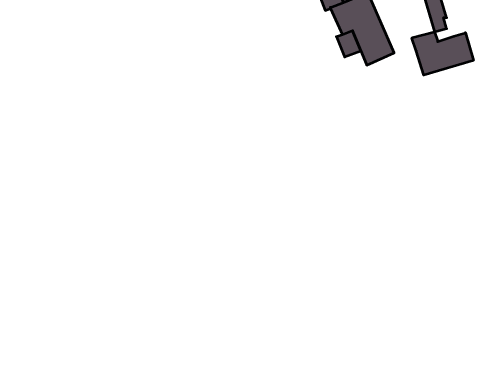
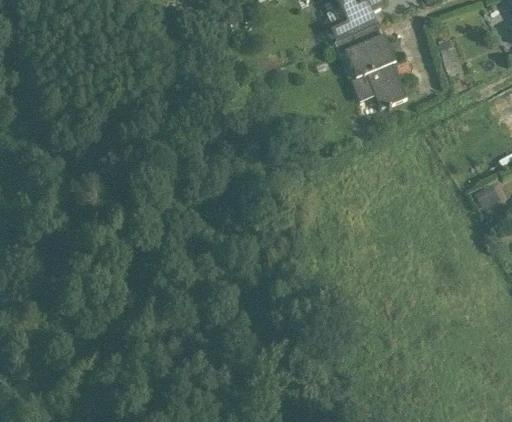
building: [412,32,473,75] -> none

